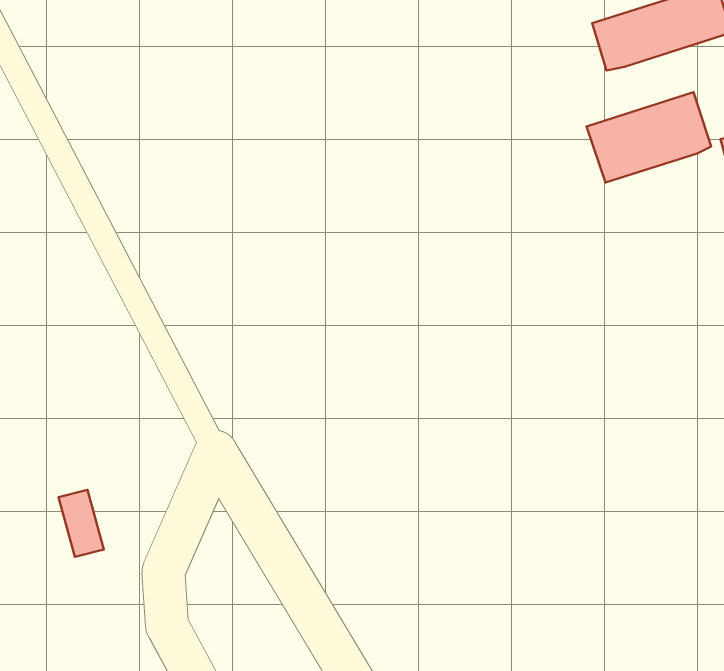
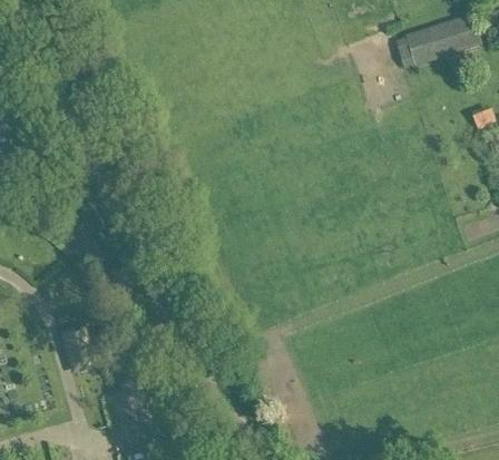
building: [587,92,711,182] -> none

